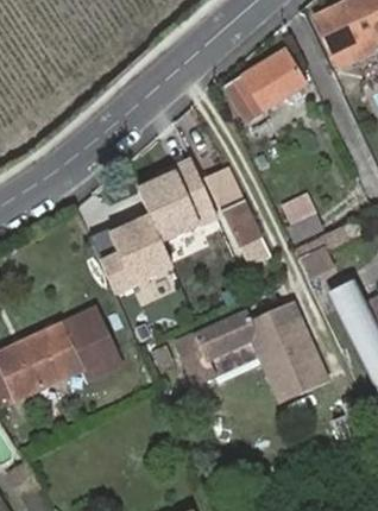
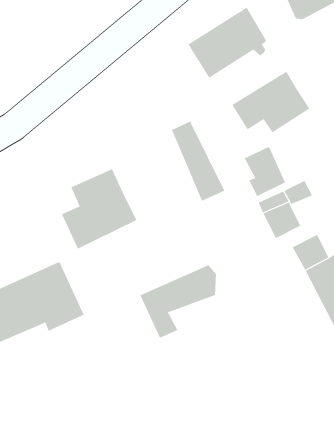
building: none -> [231,71,310,133]
building: [137,157,219,242] -> none
building: [253,301,329,403] -> none

